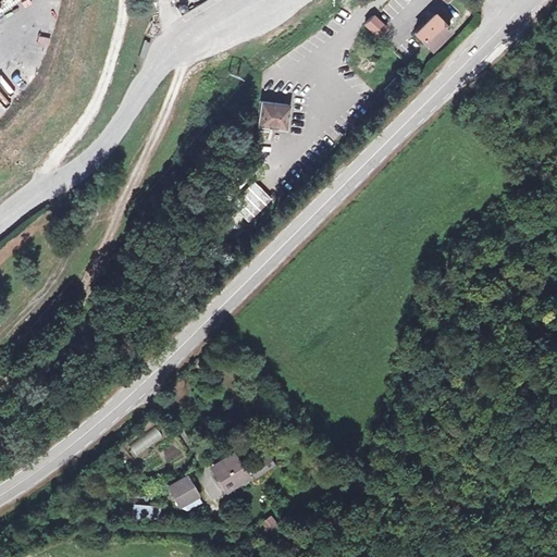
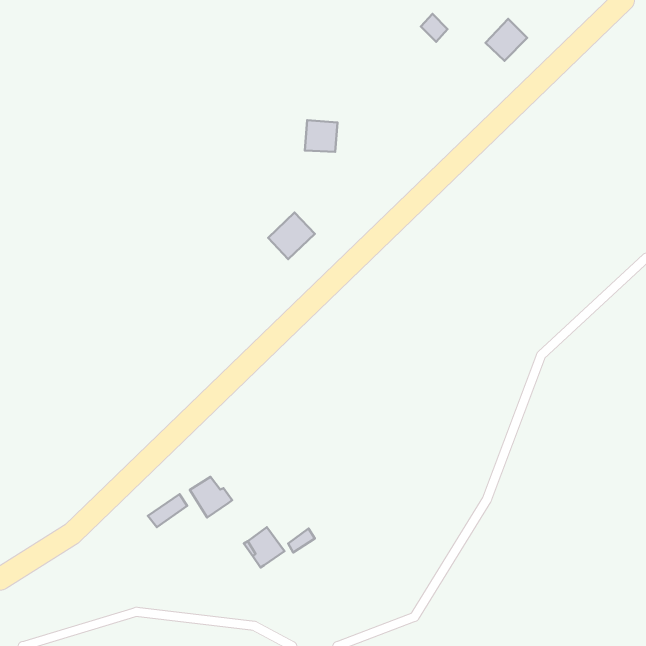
building: none -> [190,477,232,517]
building: [171,478,199,508] -> none

